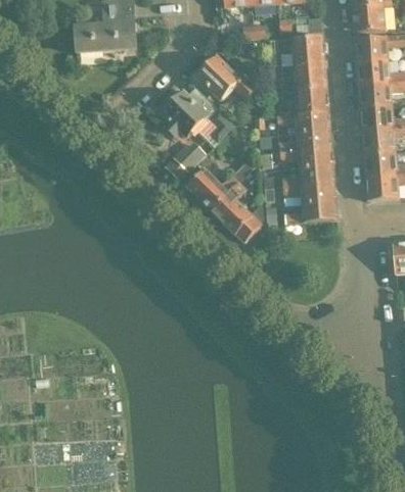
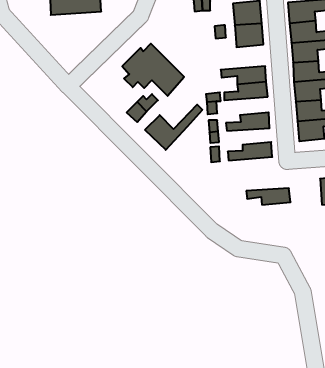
building: [196,56,256,101] -> none
building: [273,86,329,115] -> none
building: [281,147,333,168] -> none
building: [213,182,264,241] -> none
building: [284,184,336,203] -> [246,188,291,205]

